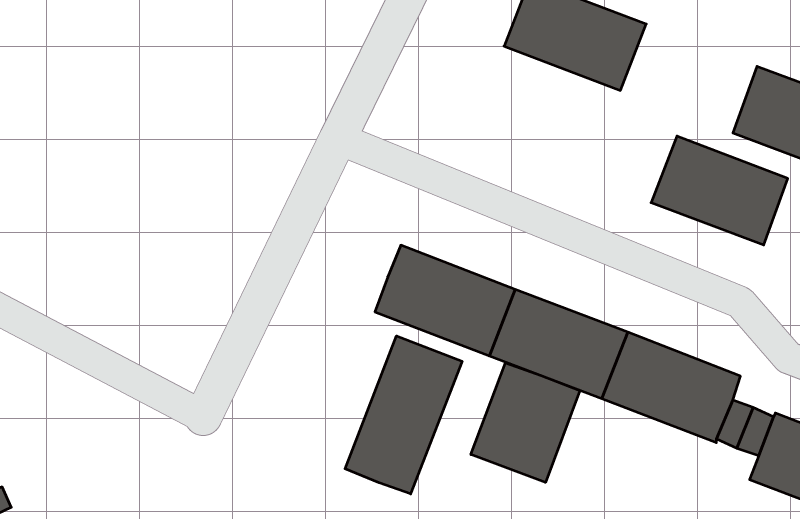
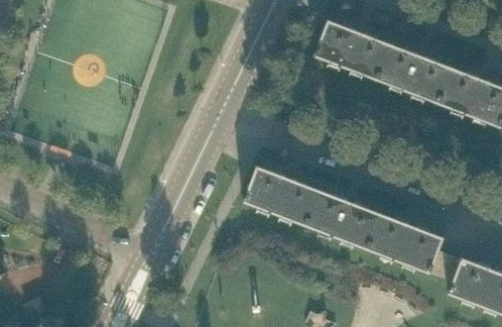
building: [651,136,788,245] -> [378,44,453,104]
building: [345,336,462,494] -> none
building: [471,363,580,482] -> none

